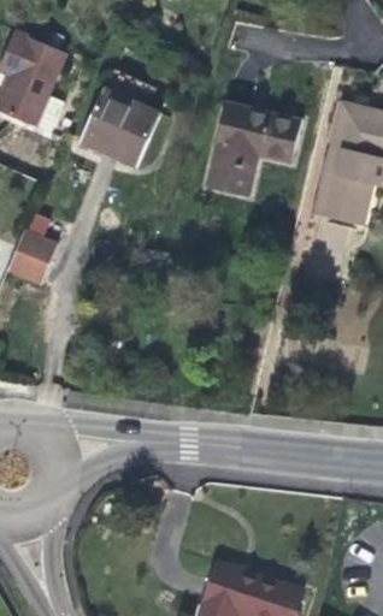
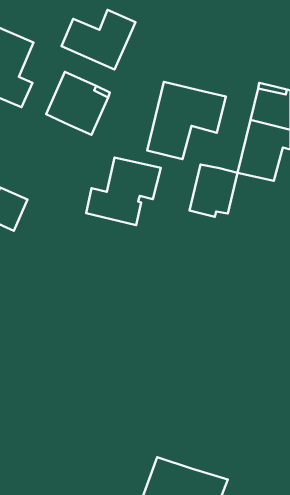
building: none -> [61,10,136,70]
building: none -> [86,157,161,225]
building: none -> [189,165,238,217]

